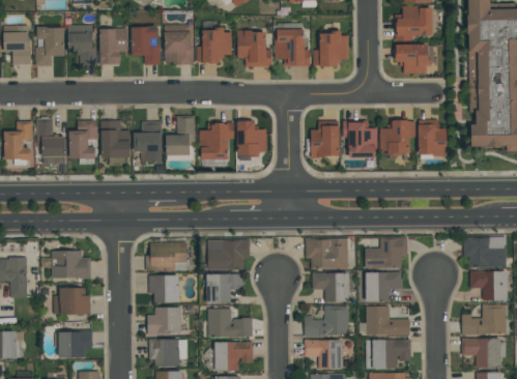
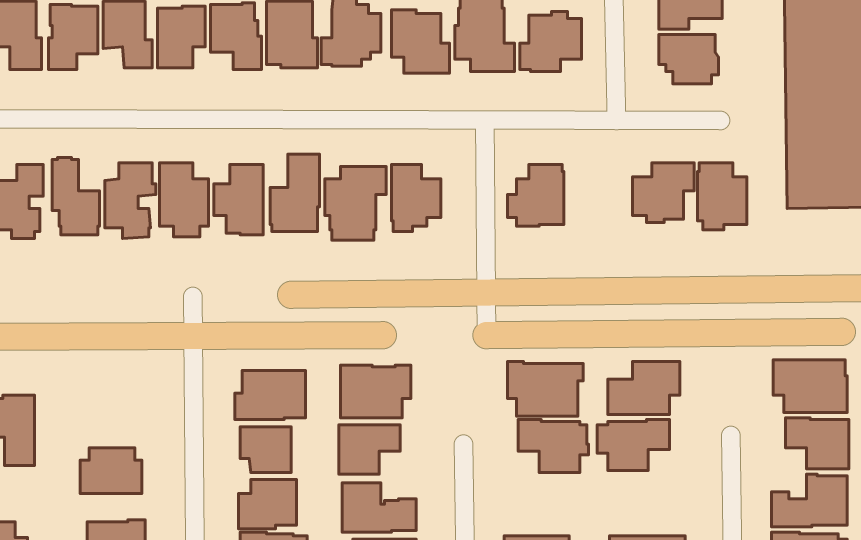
building: [342,120,377,157] -> none
building: [51,251,90,279] -> none
building: [304,305,348,337] -> none
building: [358,307,409,336] -> none

